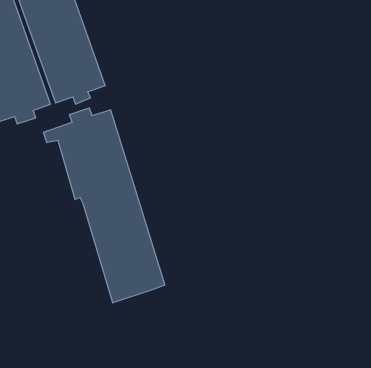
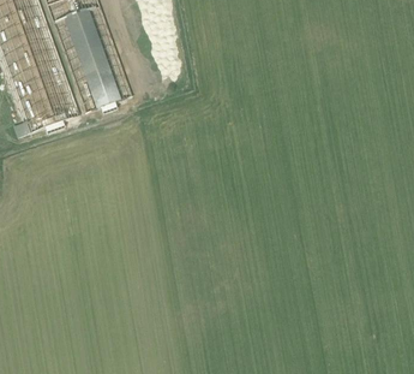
building: [44,108,165,303] -> none

